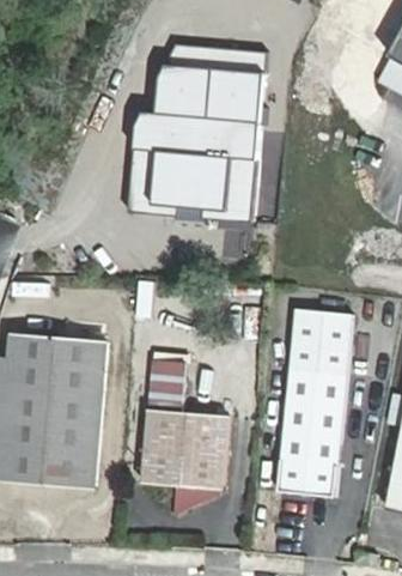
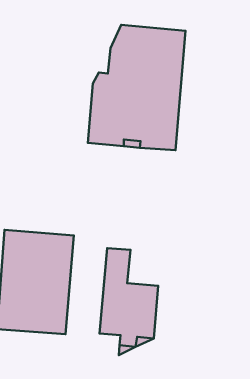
building: [269,311,349,501] -> none

